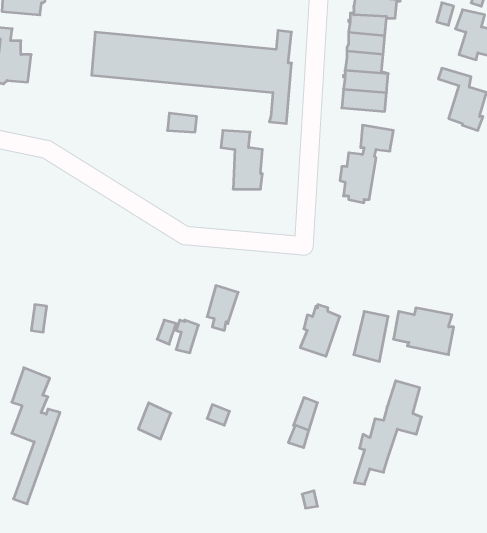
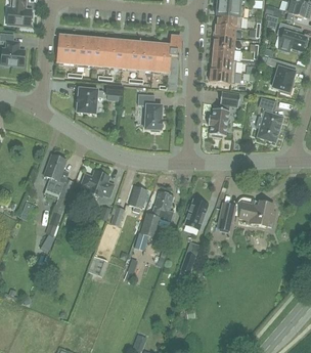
building: none -> [76,87,102,113]
building: none -> [257,97,282,140]
building: none -> [81,170,114,195]
building: [12,368,60,504] -> [44,153,73,234]
building: [354,381,422,484] -> [134,189,174,251]

